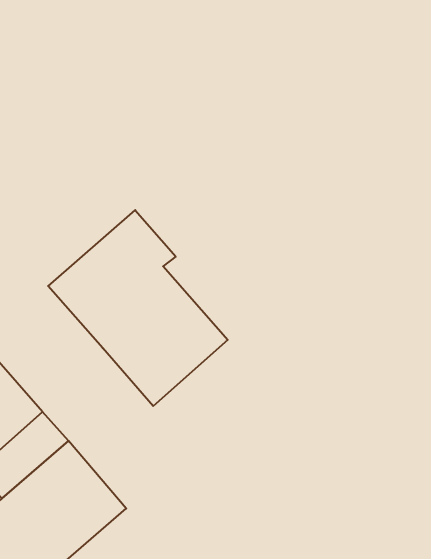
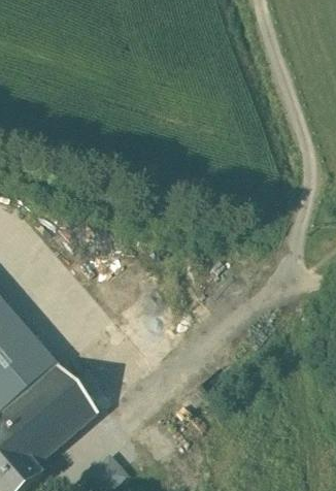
building: [48,210,228,406] -> none

